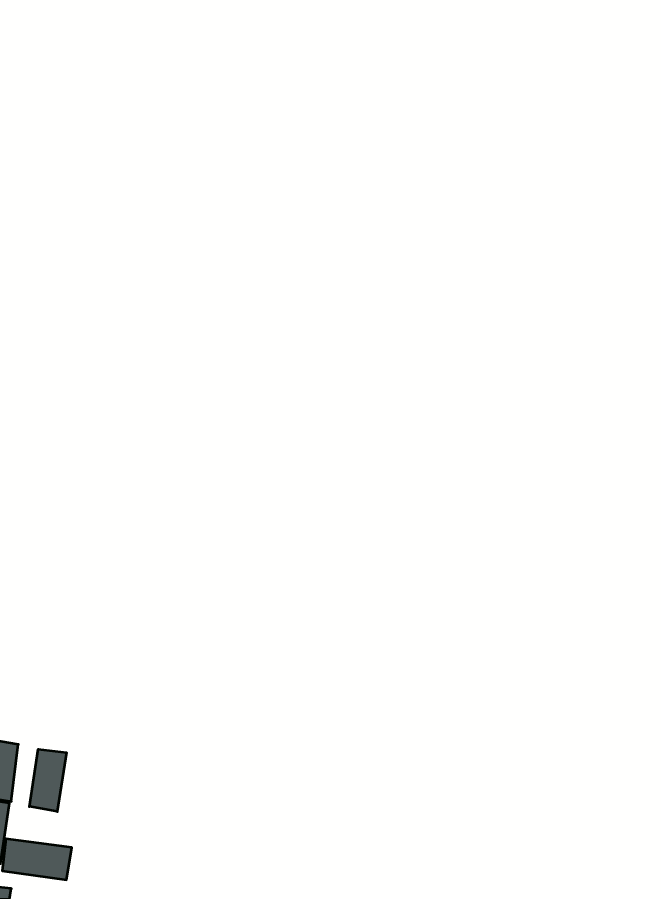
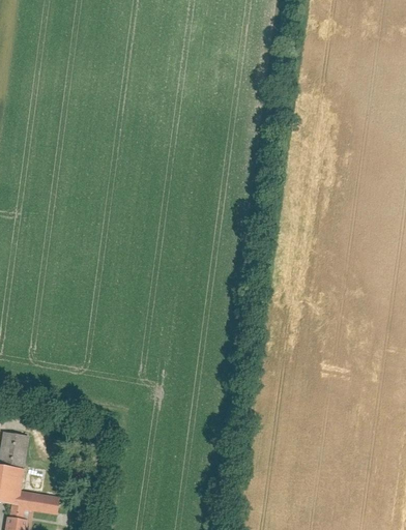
building: [29,749,66,812] -> none

